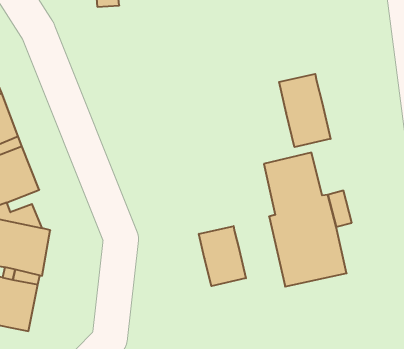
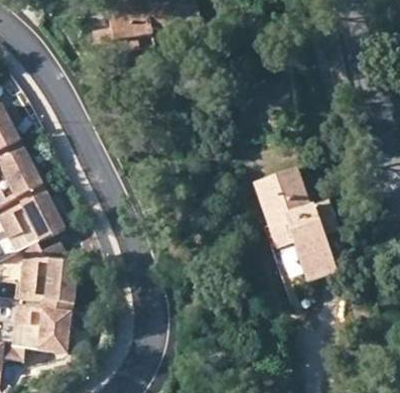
building: [279,74,331,147] -> none
building: [199,226,246,286] -> none

